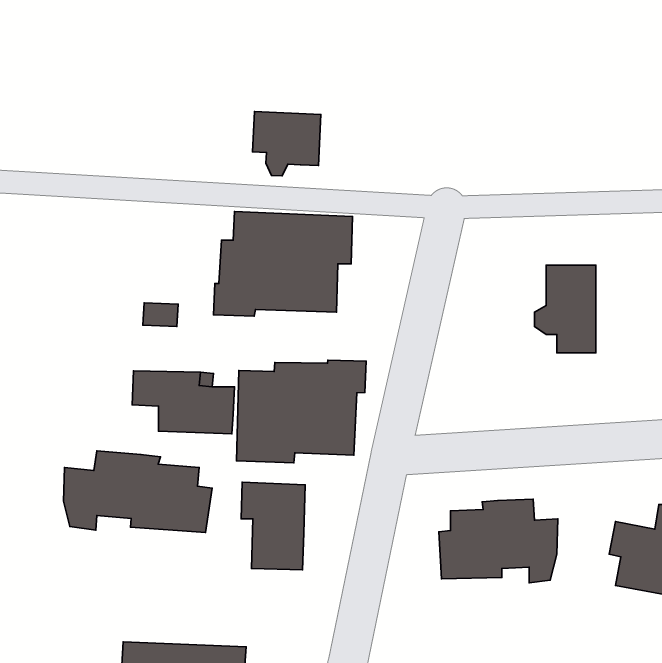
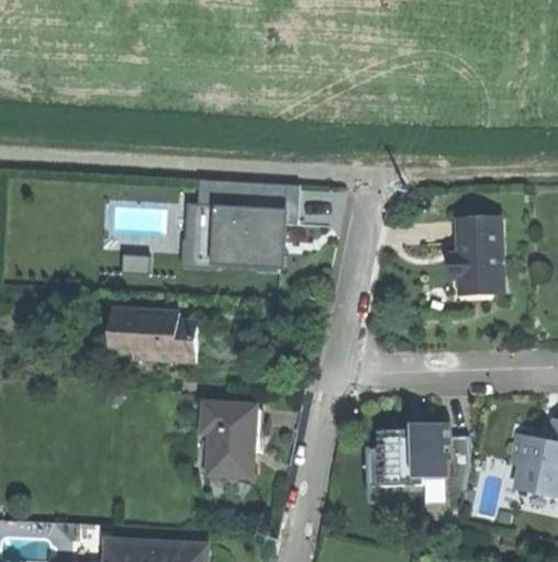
building: [253,112,321,176] -> none
building: [236,360,366,463] -> none
building: [63,451,212,533] -> none

